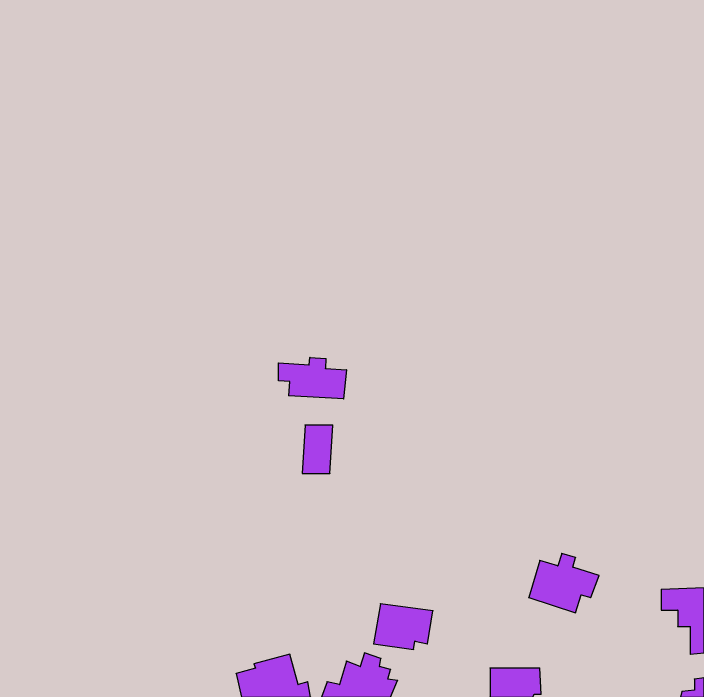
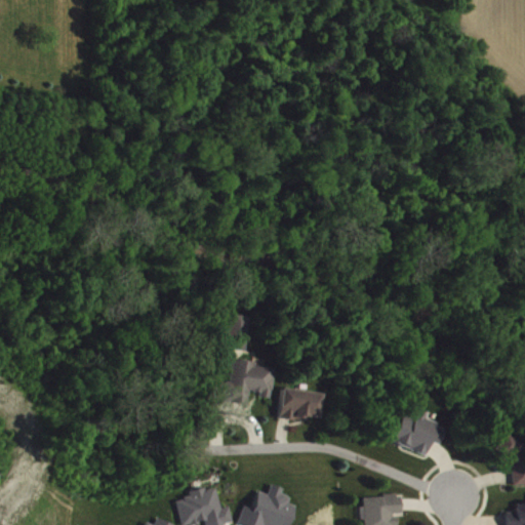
building: [278,357,346,399] -> none
building: none -> [228,362,275,405]
building: [374,604,433,649] -> [278,389,322,422]

